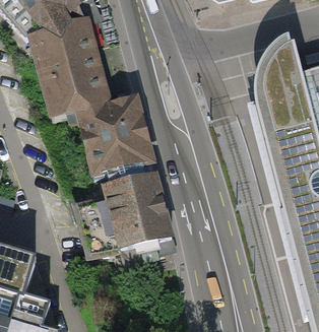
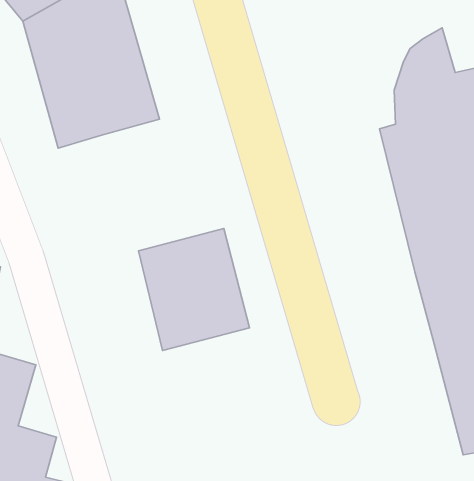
building: [77,92,153,181] -> none

